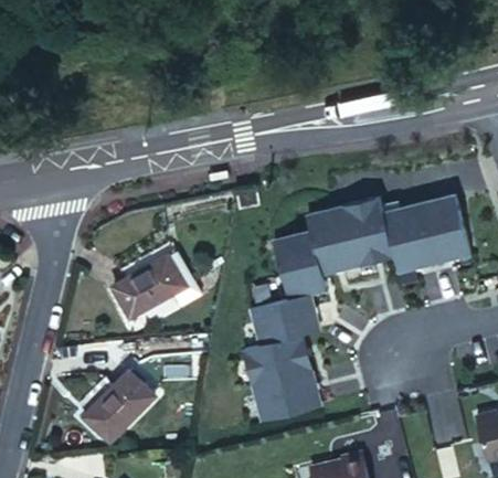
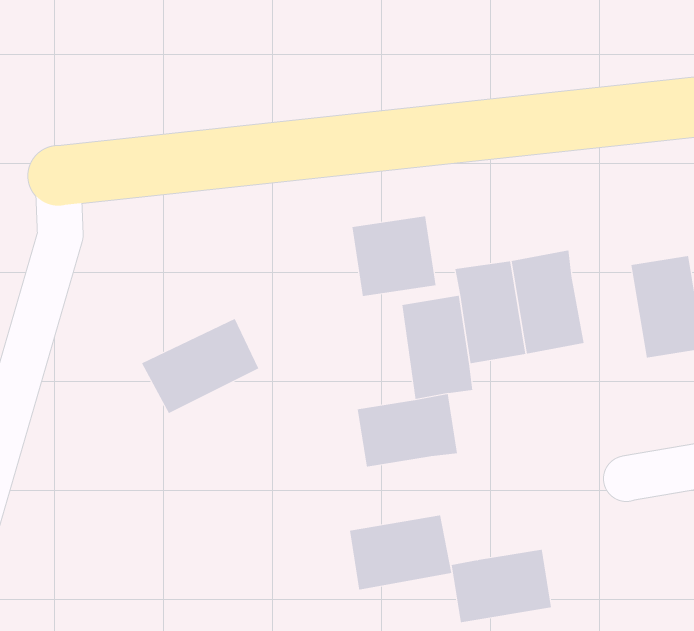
building: none -> [352,215,436,297]
building: [381,203,432,272] -> none
building: [243,334,309,385] -> [451,549,552,623]
building: [86,371,156,443] -> none

